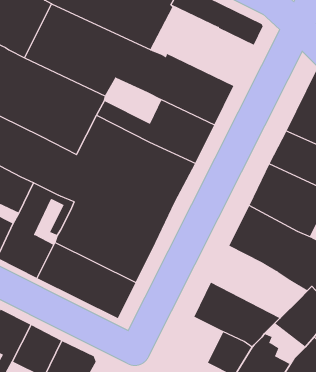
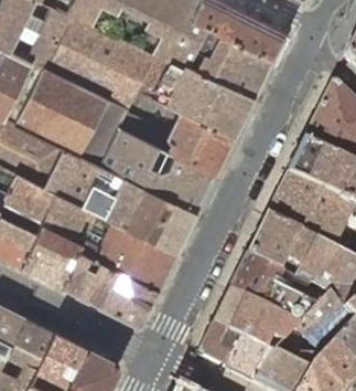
building: none -> [170,20,271,97]
building: none -> [228,254,323,325]
building: none -> [197,324,240,369]

